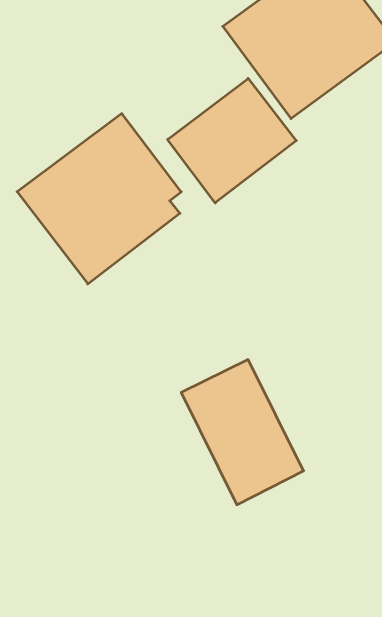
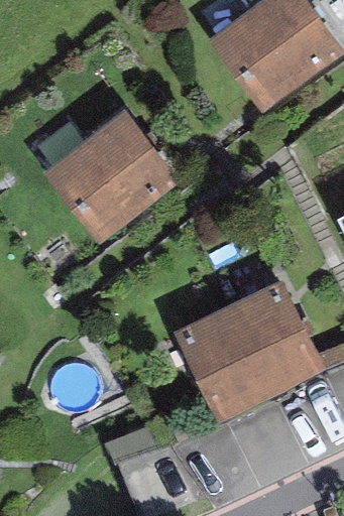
building: [168,78,296,203] -> none
building: none -> [227,279,326,394]

